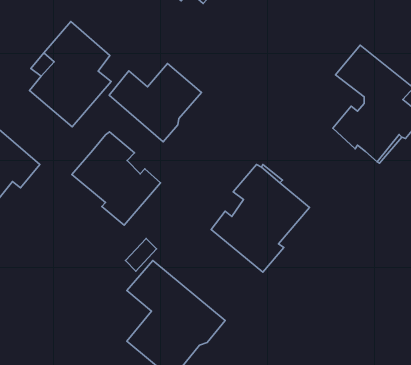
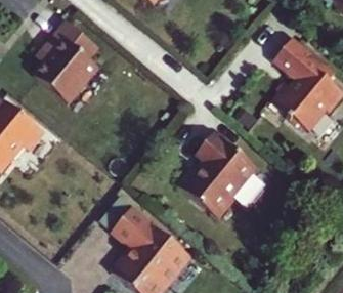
building: [109,64,201,142] -> none
building: [72,132,161,225] -> none

